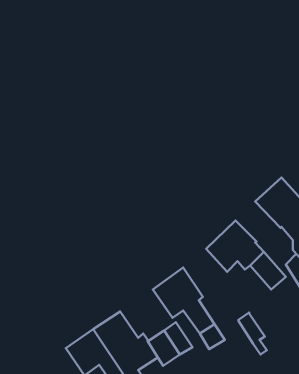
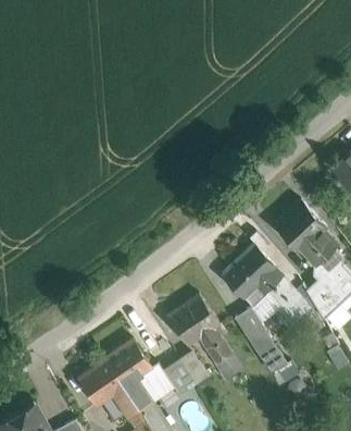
building: none -> [235,308,272,349]

